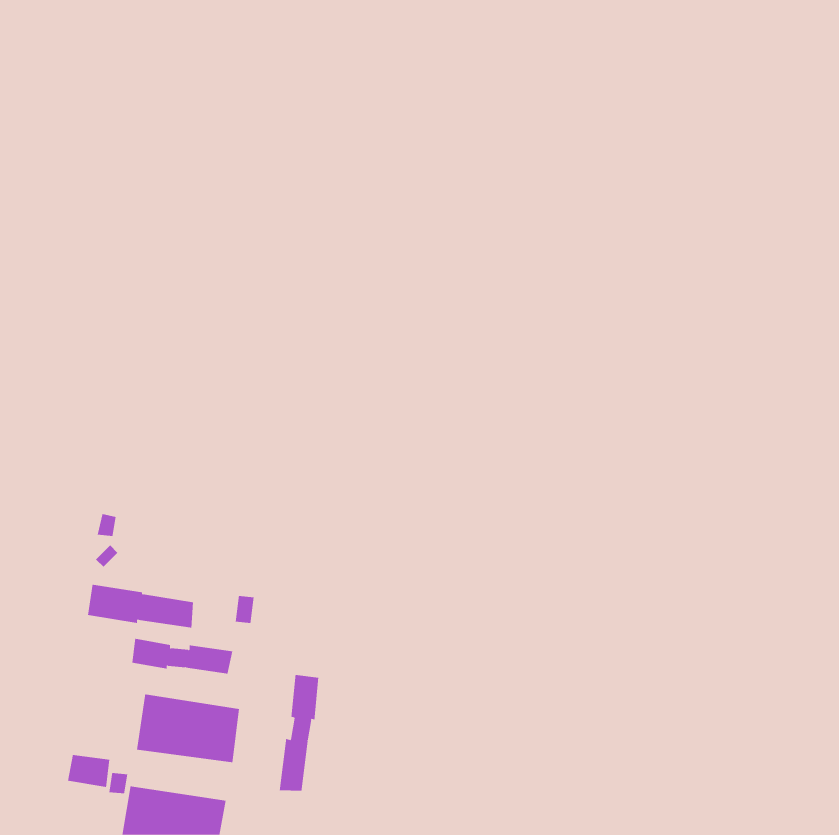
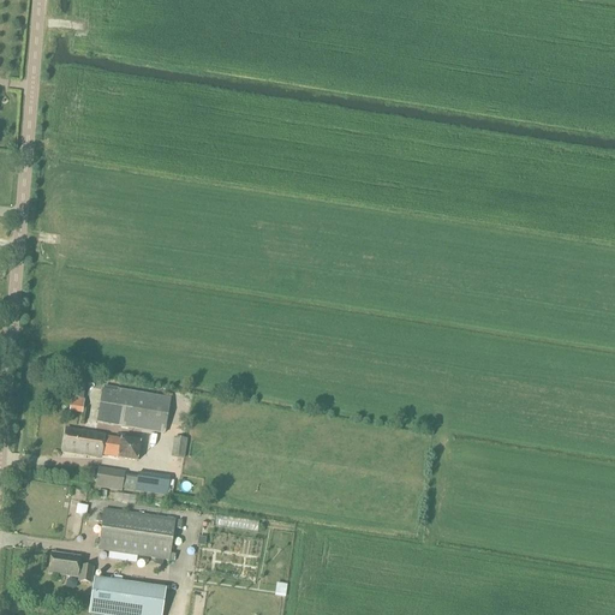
building: none -> [96,388,169,432]
building: [279,674,319,791] -> none

